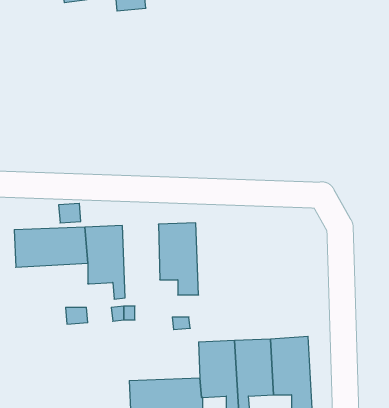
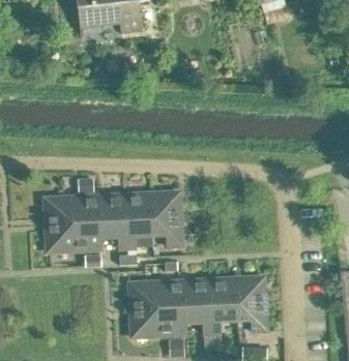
building: none -> [125,193,153,248]
building: none -> [46,222,101,252]
building: none -> [129,281,183,310]

